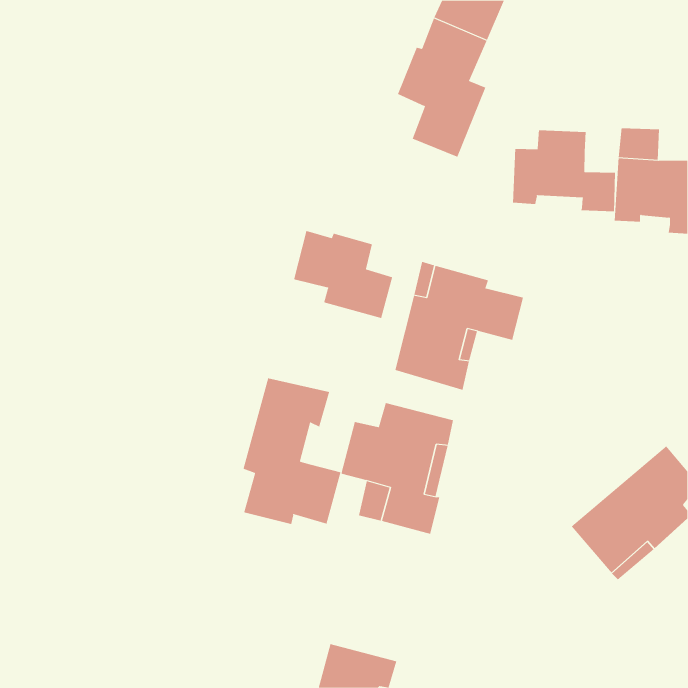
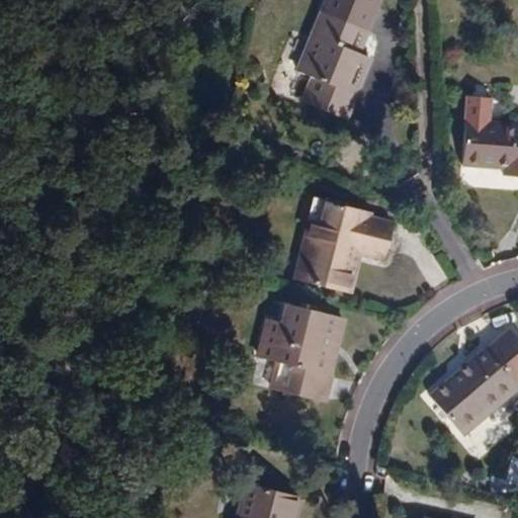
building: [513,130,616,212] -> none
building: [293,230,393,319] -> none
building: [243,377,341,525] -> none

